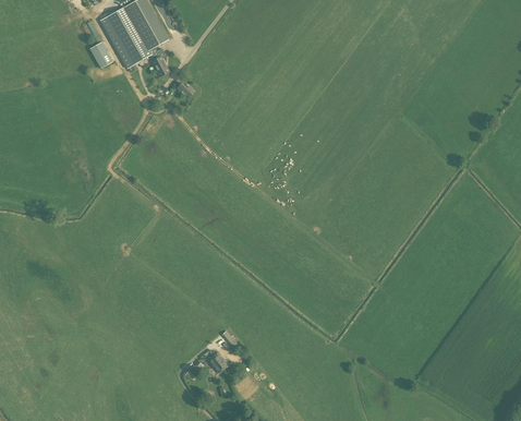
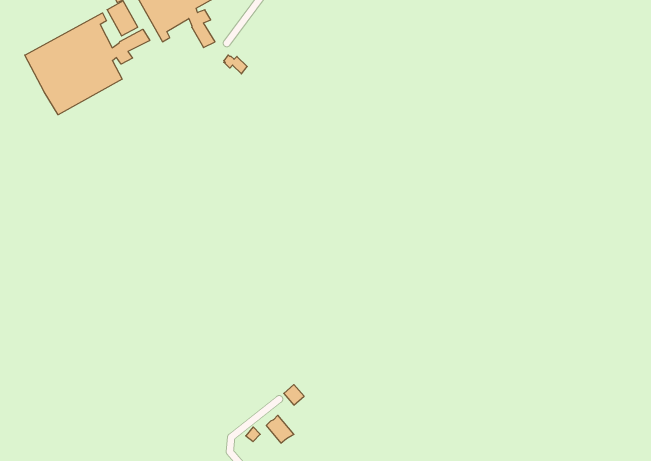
building: none -> [25,13,150,115]

